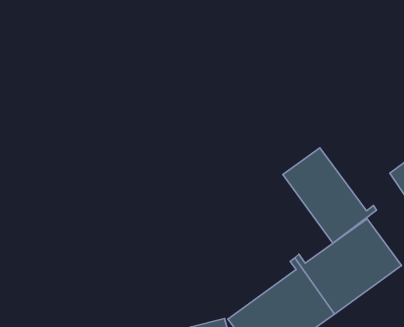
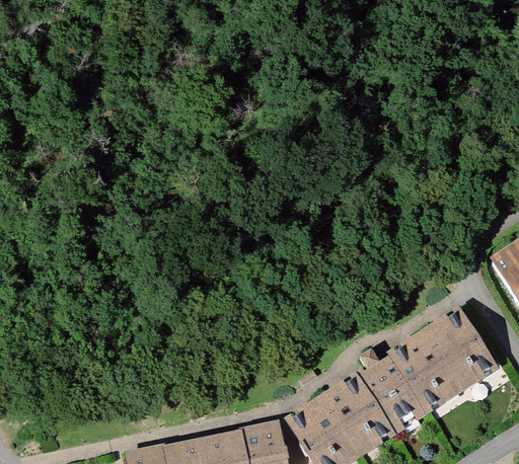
building: [283,148,376,243] -> none

